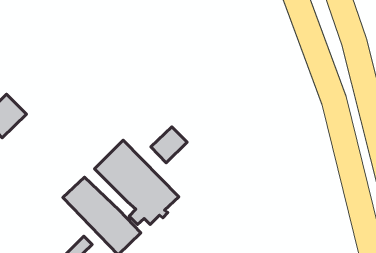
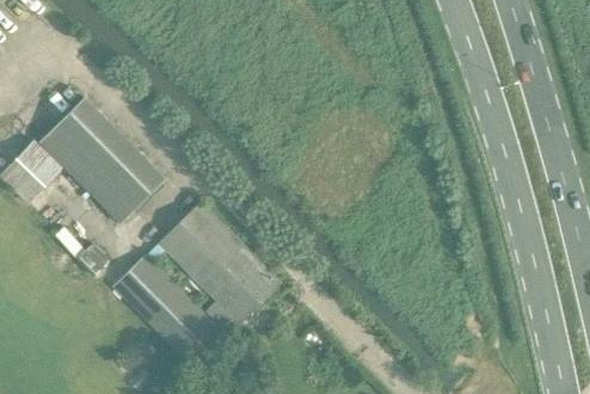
building: none -> [41,97,165,222]
building: [151,127,187,163] -> none

